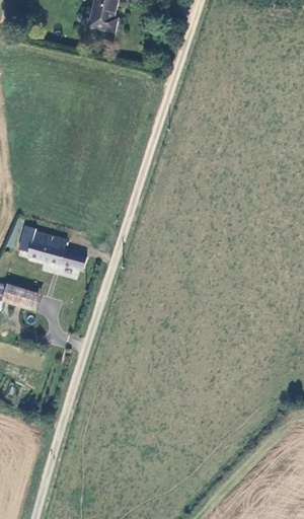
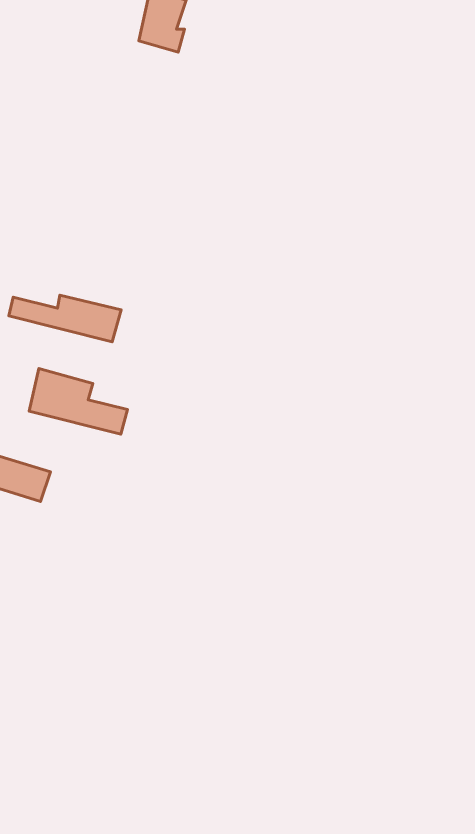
building: none -> [9,295,121,342]

